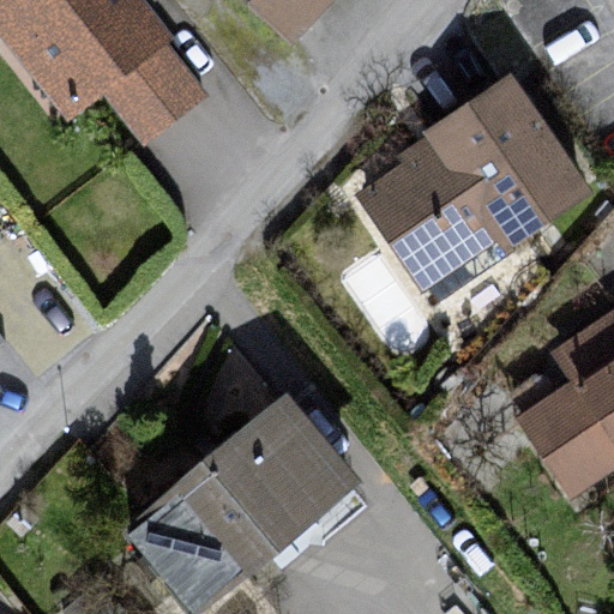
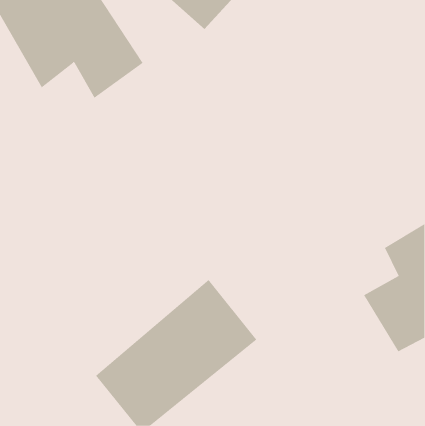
building: [355,79,590,294] -> none

